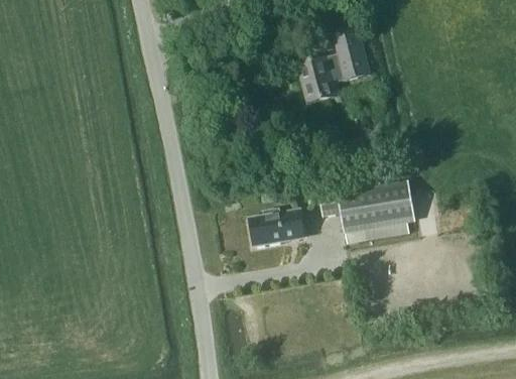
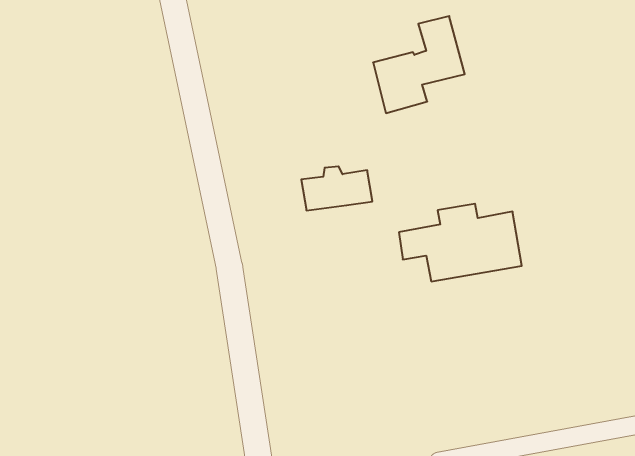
building: [250,210,305,244] -> [301,166,372,210]

